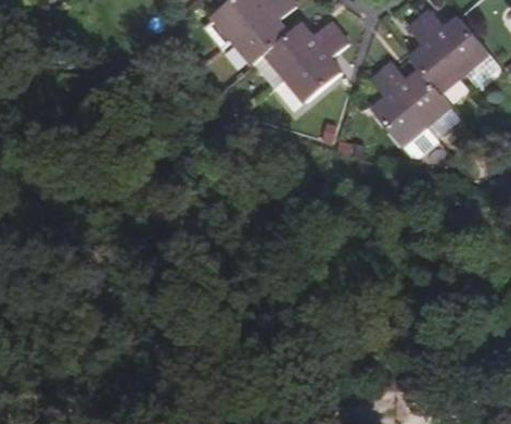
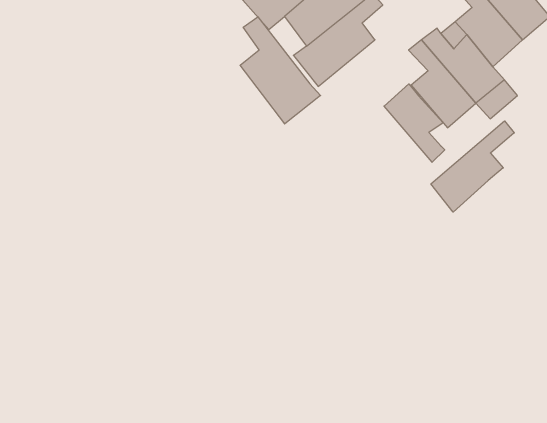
building: none -> [240,17,321,124]
building: none -> [384,84,445,162]
building: none -> [431,121,514,212]

